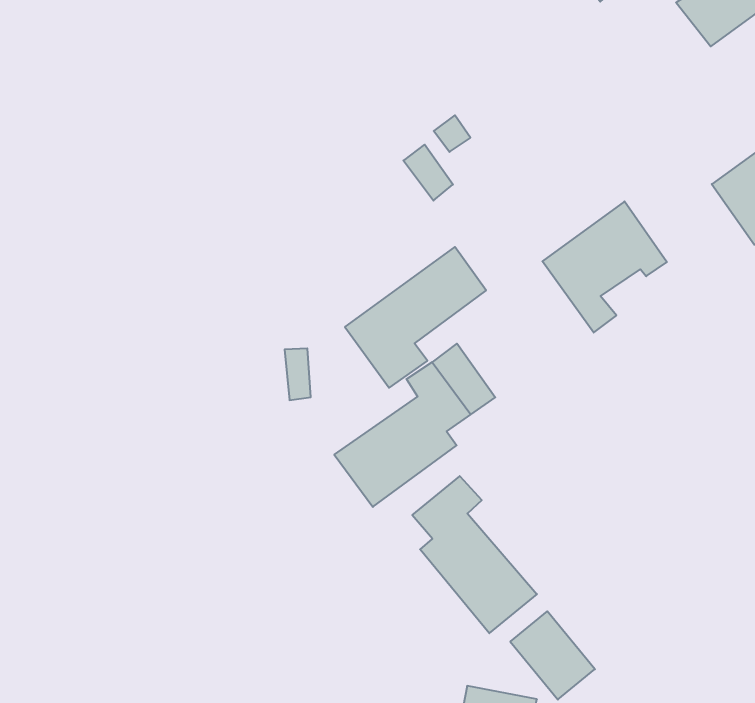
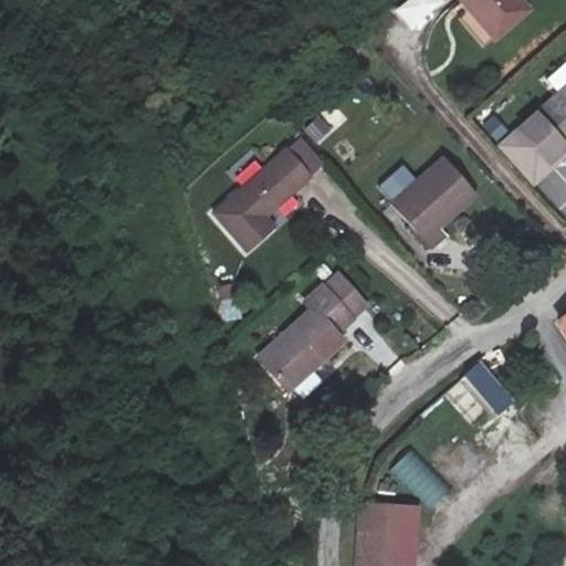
building: [345,247,486,388] -> [214,149,308,250]
building: [412,476,537,633] -> none
building: none -> [464,363,514,415]

